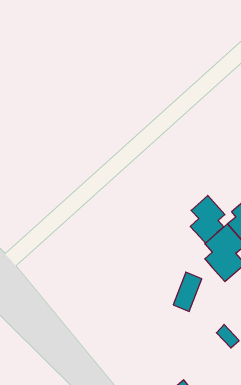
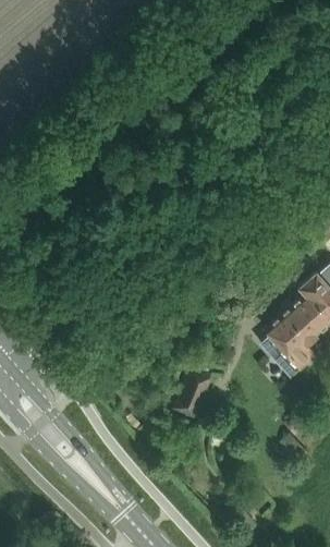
building: [190,195,225,243] -> none
building: [173,272,202,311] -> [176,367,213,418]

